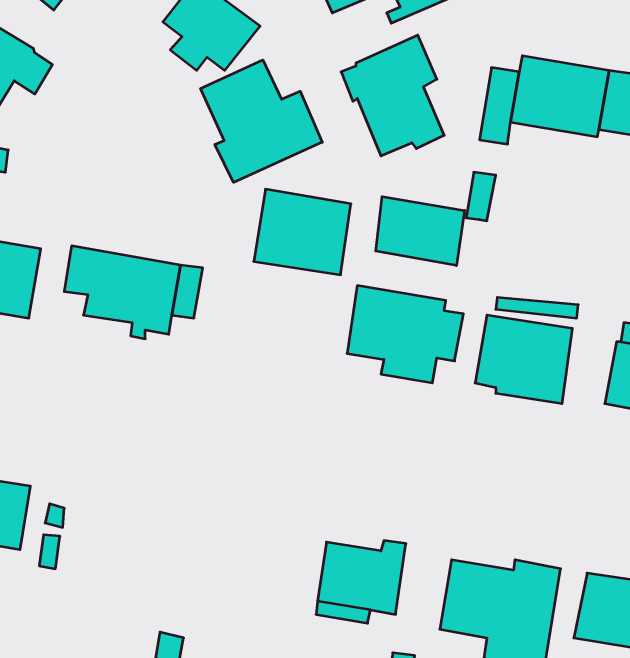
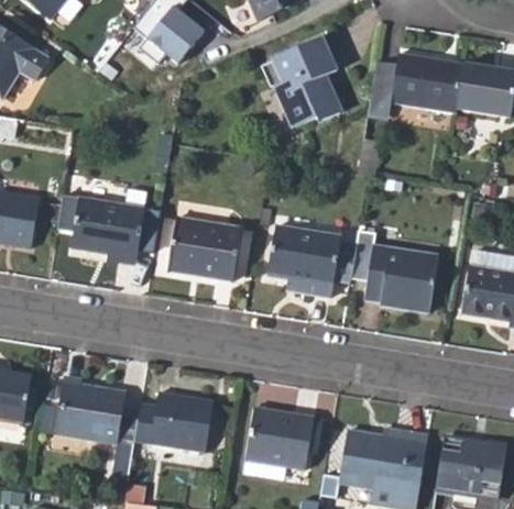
building: [201,60,322,182] -> none
building: [254,189,351,275] -> [167,217,240,280]
building: [376,197,465,266] -> none
building: none -> [54,376,125,445]
building: none -> [134,391,212,452]

